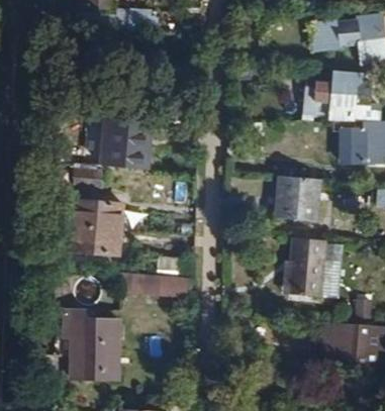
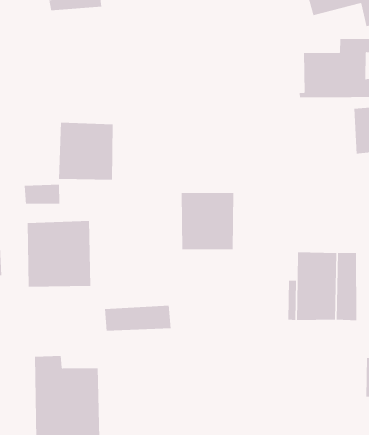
building: [276,178,322,227] -> [181,192,234,250]

